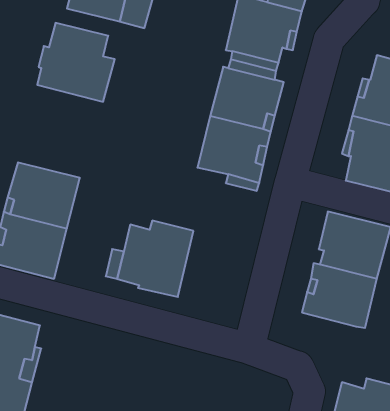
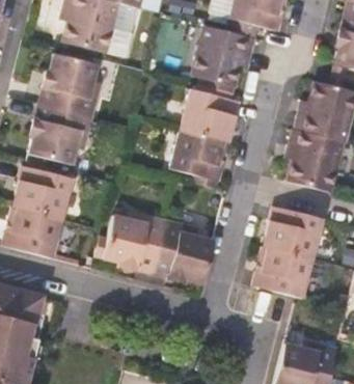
building: none -> [28,104,92,167]
building: none -> [153,221,214,285]

